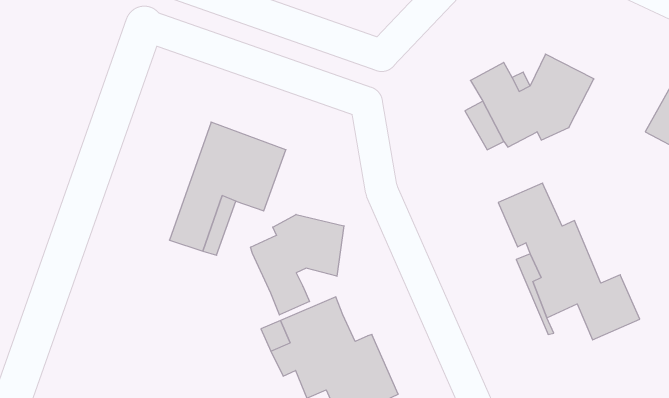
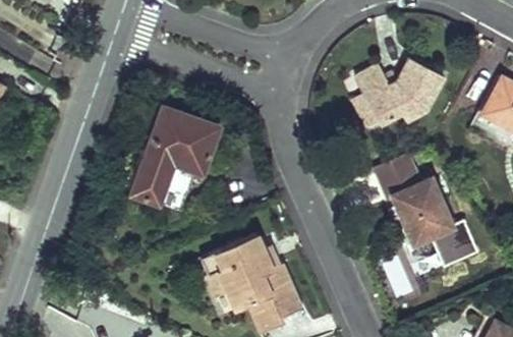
building: [251,214,344,315] -> none

